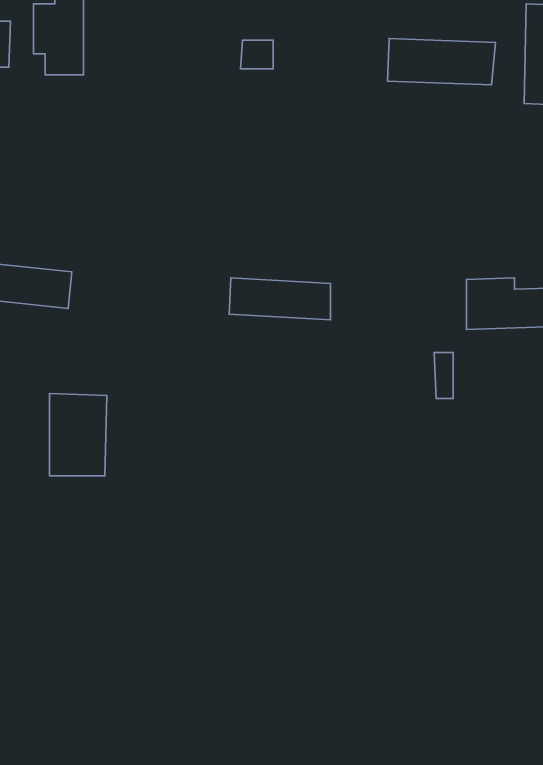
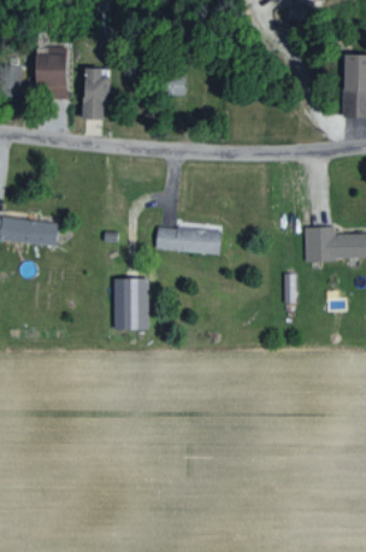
building: none -> [81,67,107,121]
building: [387,38,495,85] -> none
building: [49,394,107,476] -> [114,278,150,330]

